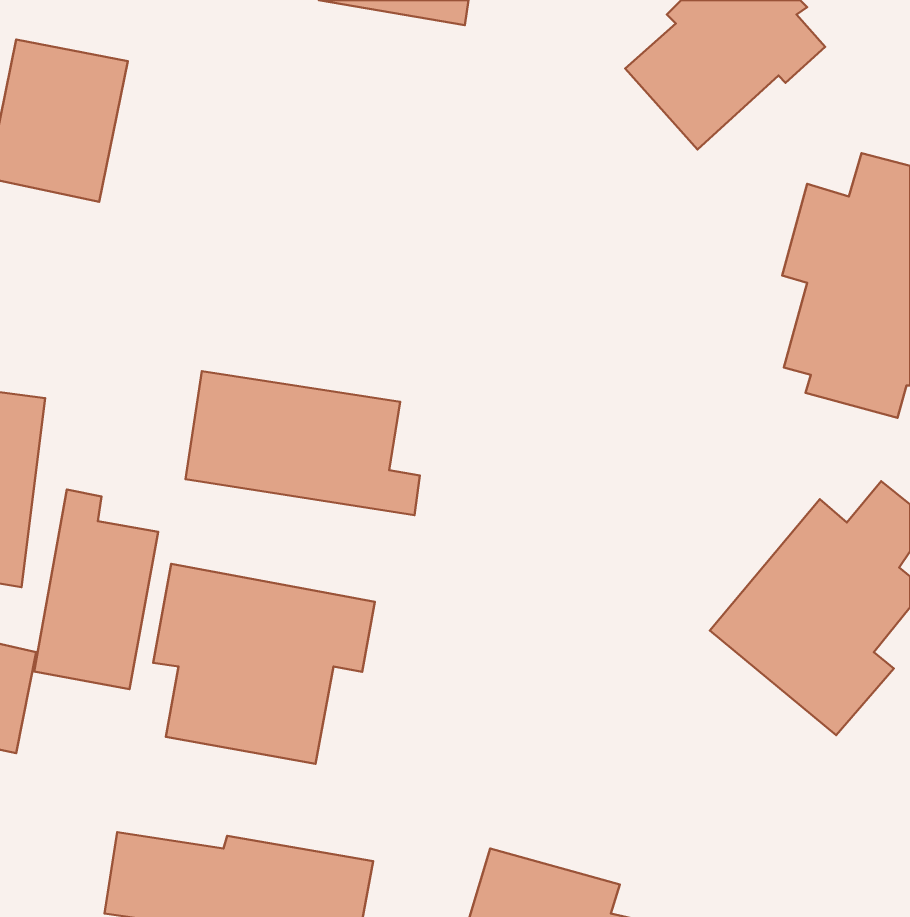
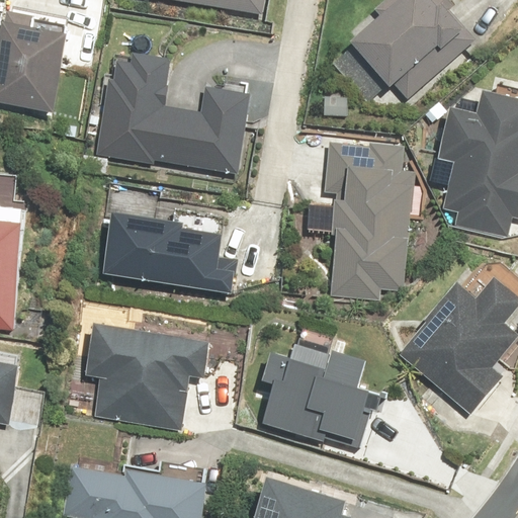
building: none -> [96,53,249,176]
building: none -> [323,140,415,300]
building: [34,490,158,689] -> none
building: none -> [260,332,369,450]

